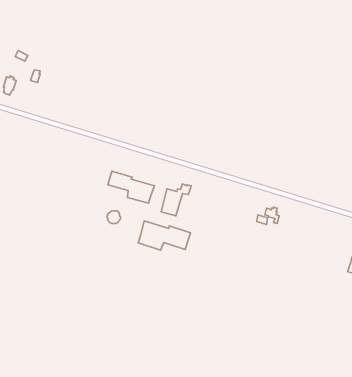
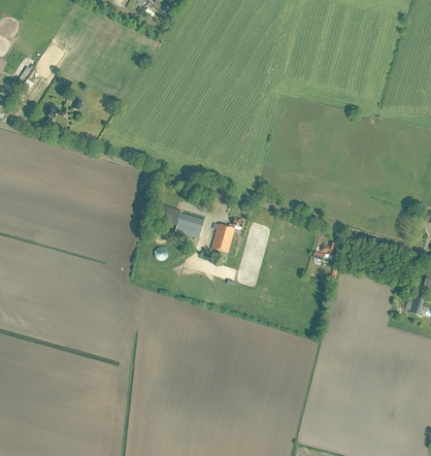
building: [138,221,190,250] -> none

